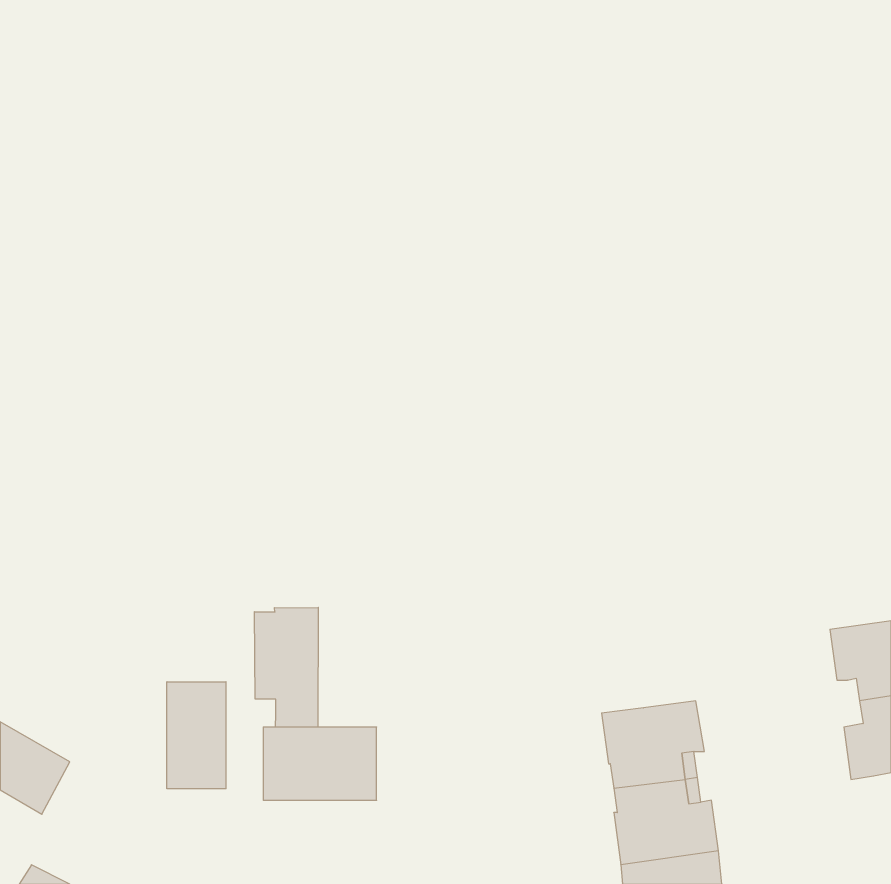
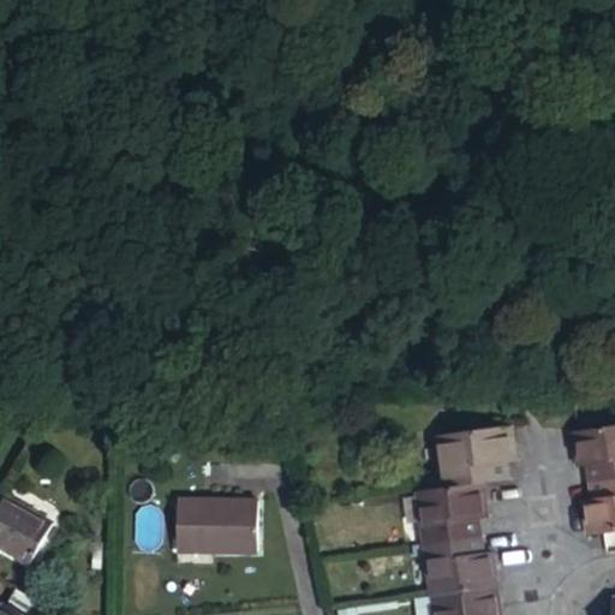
building: [254,607,318,727] -> none
building: none -> [434,425,513,488]
building: [167,682,226,789] -> none

